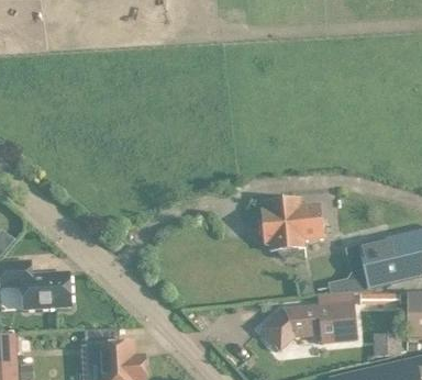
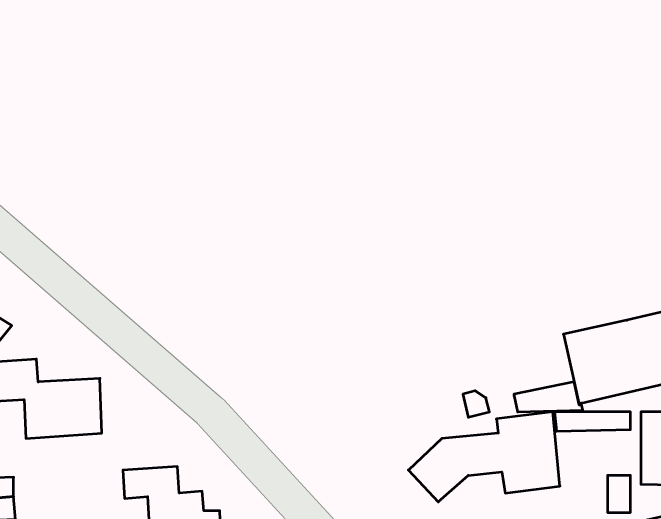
building: [258,198,322,258] -> none

